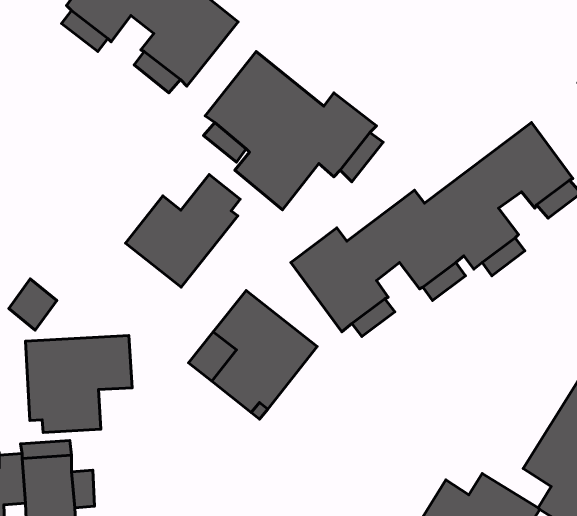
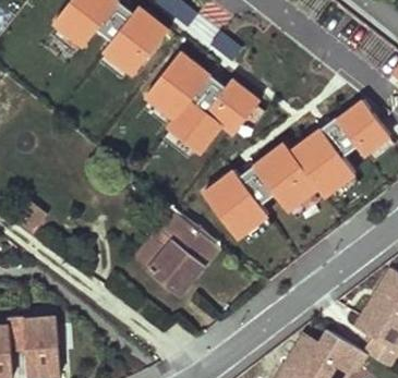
building: [126,175,240,287] -> none
building: [25,335,132,433] -> none

